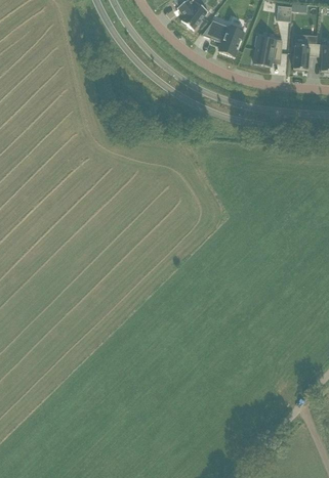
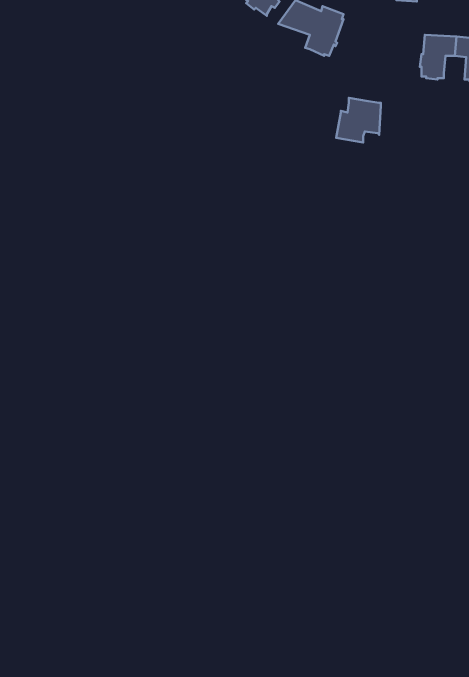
building: [253,37,282,66] -> [336,98,381,143]

